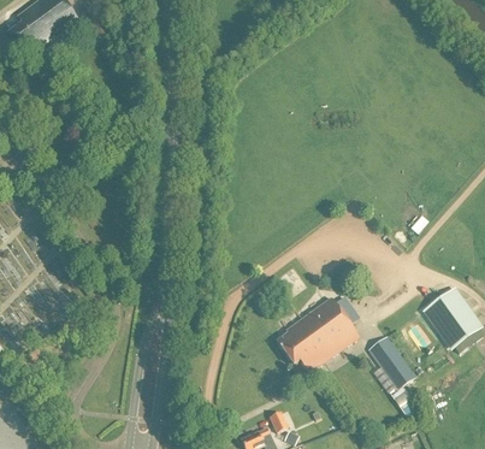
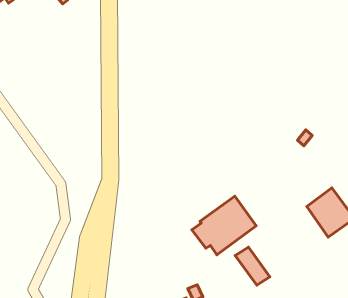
building: [368,337,413,386] -> [235,247,270,285]

